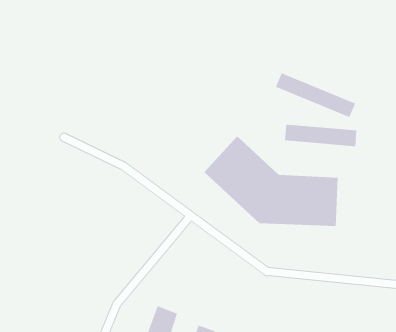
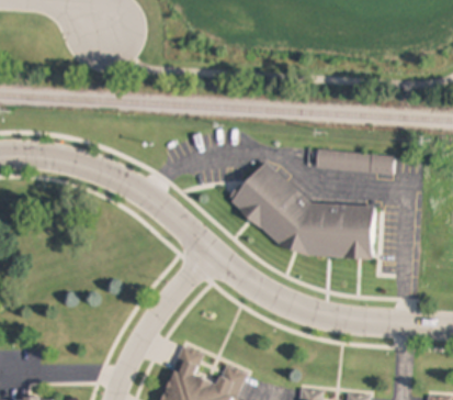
building: [275,72,356,118] -> none

